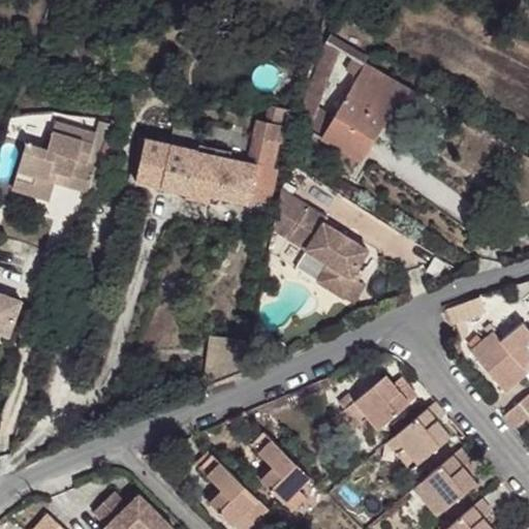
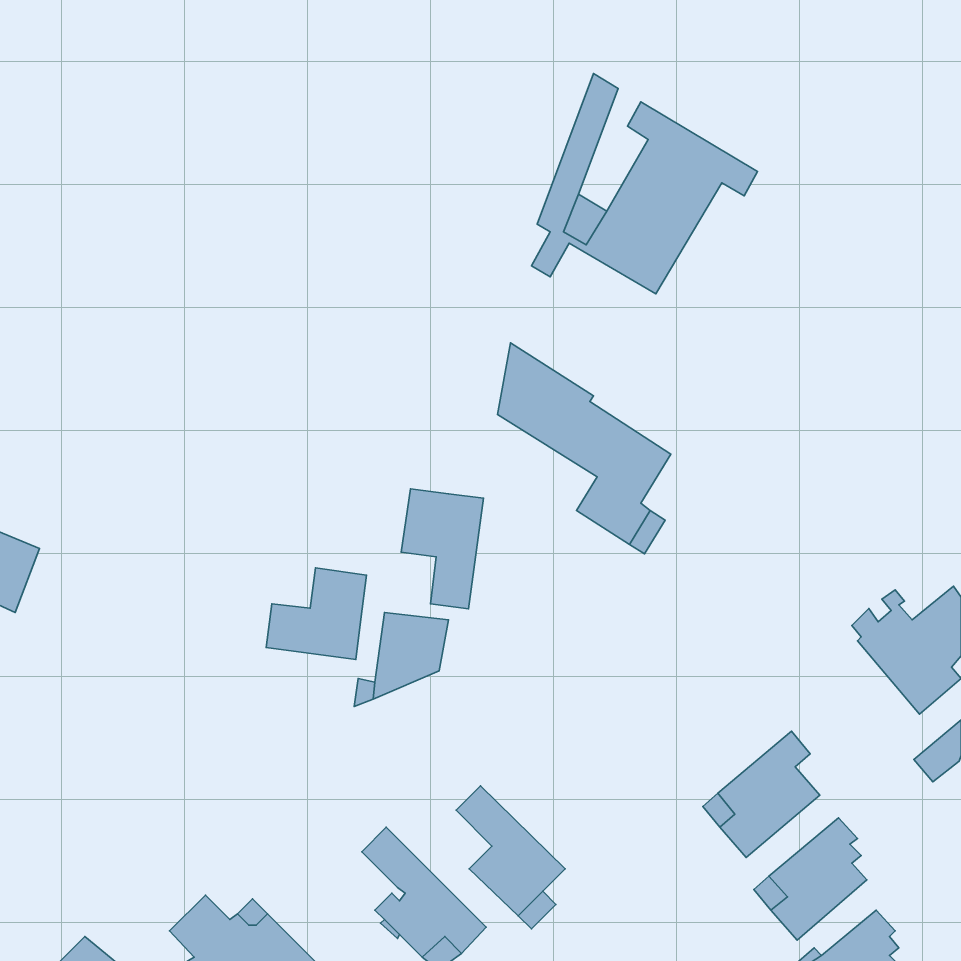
building: [136,107,288,204] -> none
building: [12,121,108,200] -> none
building: none -> [401,489,484,609]
building: none -> [266,568,367,660]
building: [337,375,416,429] -> none

